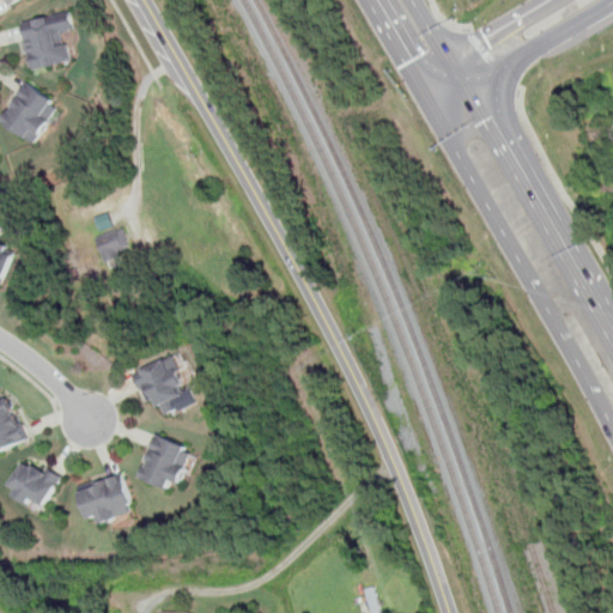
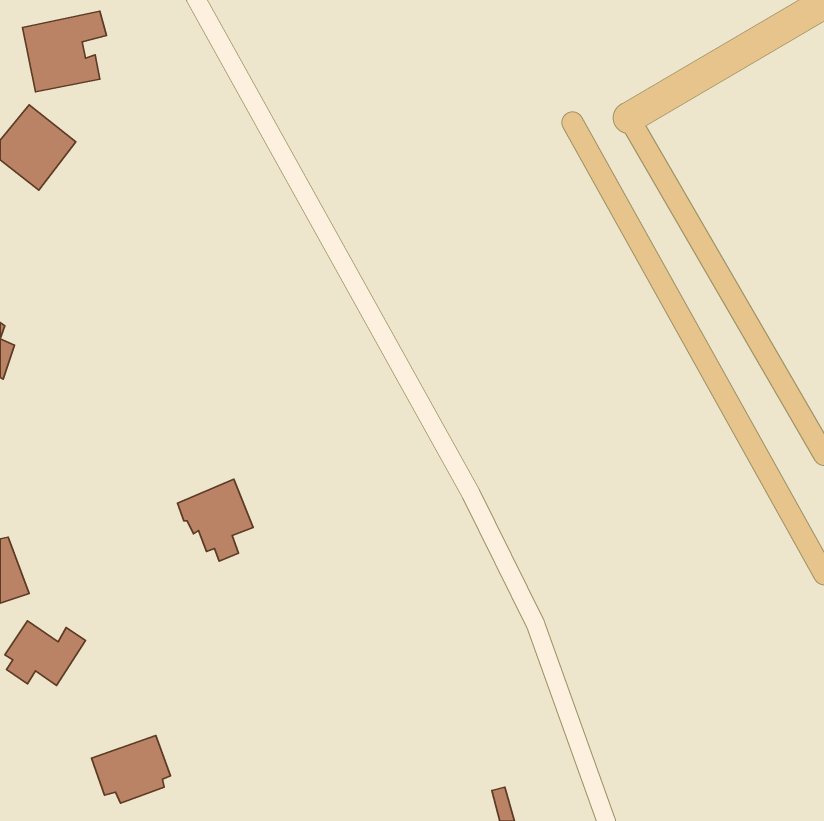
building: [96,227,128,253] -> none
building: [134,435,190,492] -> none
building: [73,473,132,523] -> [91,736,170,803]

